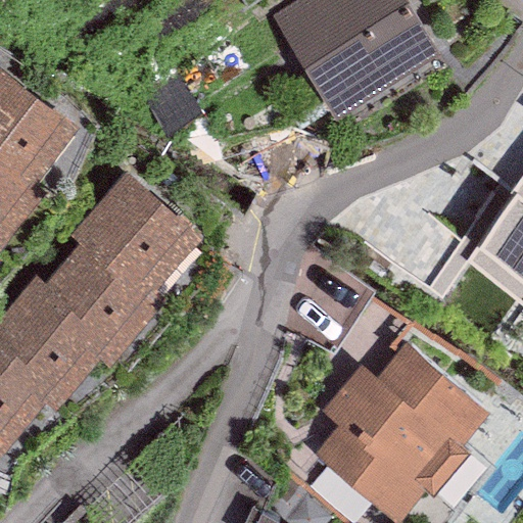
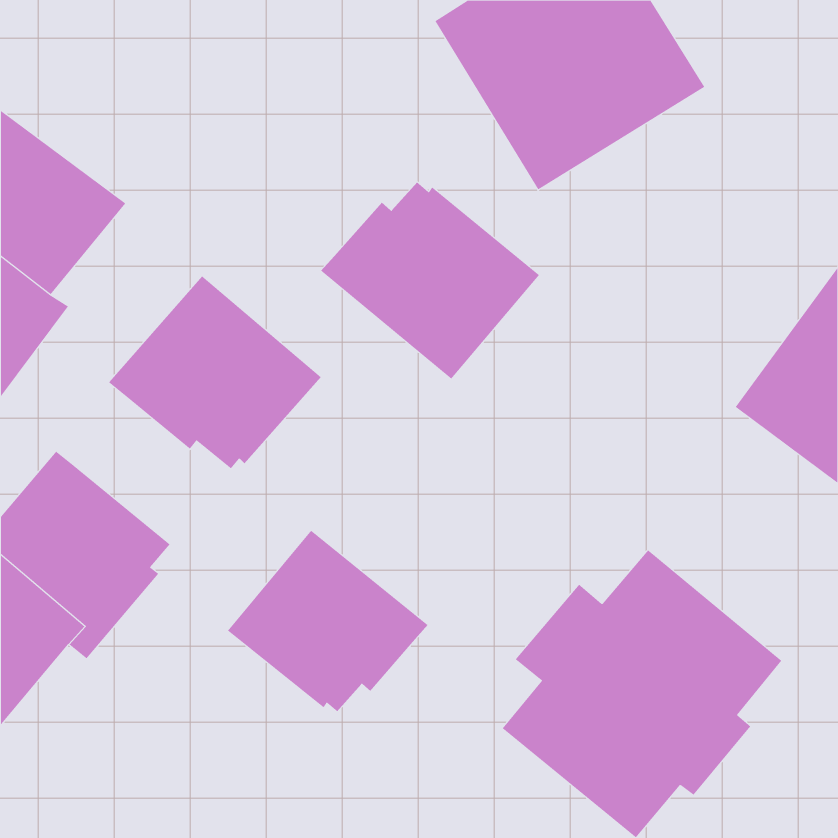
building: none -> [320,182,540,379]
building: [44,247,164,366] -> none
building: none -> [227,530,428,712]

